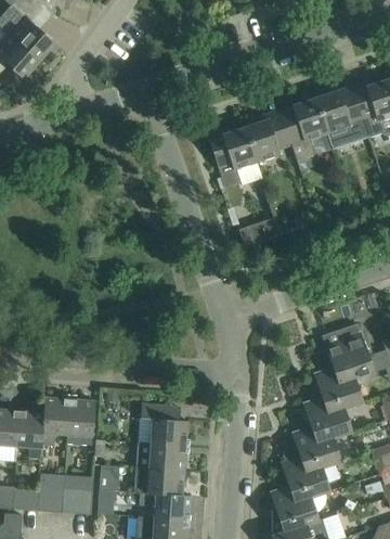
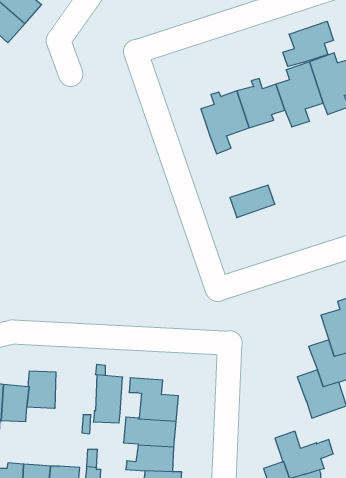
building: none -> [283,21,334,67]
building: [66,398,94,445] -> [93,375,123,423]
building: [291,425,339,472] -> none

